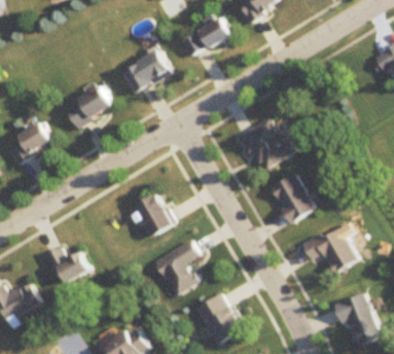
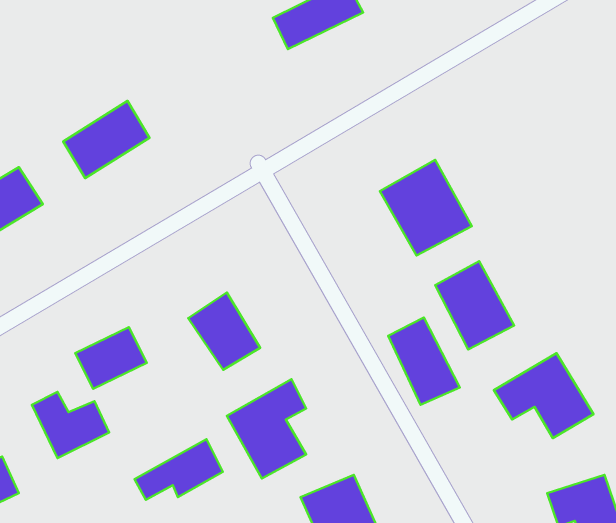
building: [122,50,169,91] -> none
building: none -> [388,318,460,405]
building: none -> [75,327,147,389]
building: none -> [135,439,223,500]

